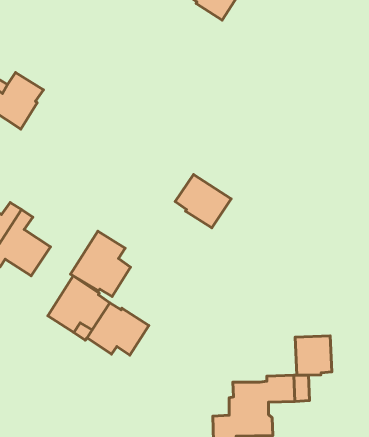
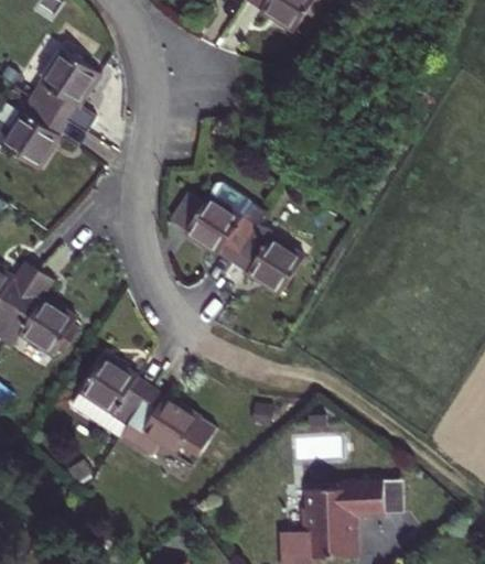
building: none -> [31,50,99,120]
building: none -> [170,183,266,261]
building: [70,231,131,296] -> none
building: [295,336,332,375] -> none

